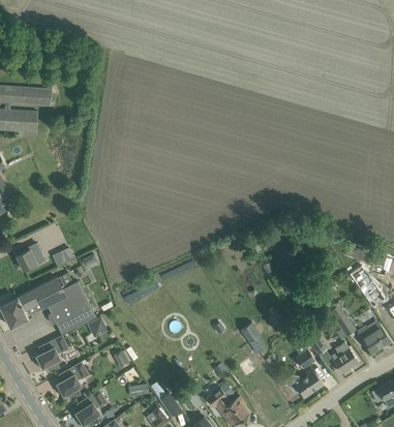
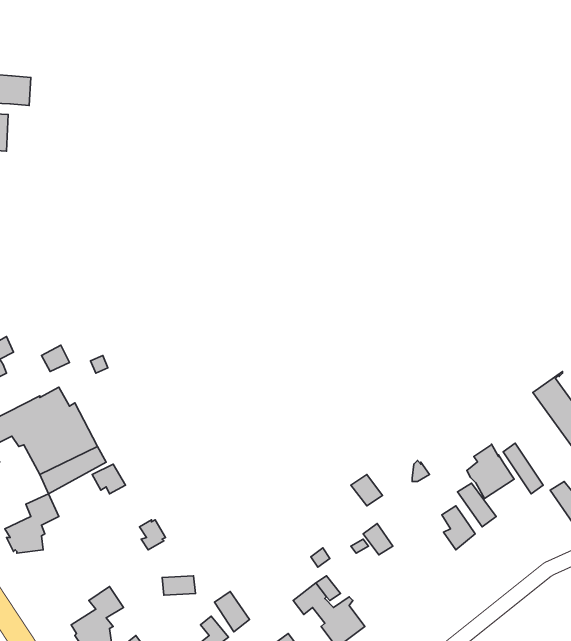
building: [330,341,358,373] -> [467,444,514,498]
building: [56,362,88,398] -> none
building: [284,368,322,397] -> none

